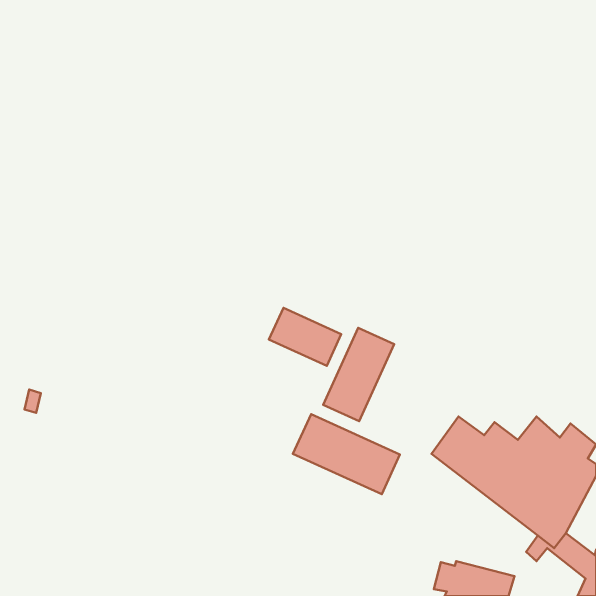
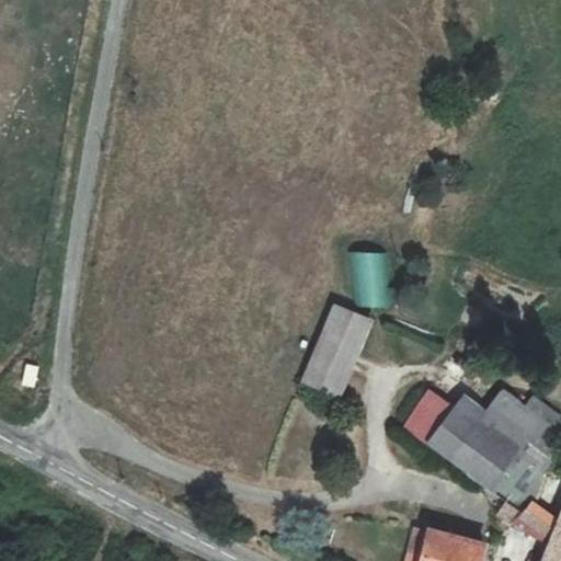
building: [269,308,341,366] -> none
building: [293,414,400,494] -> none

